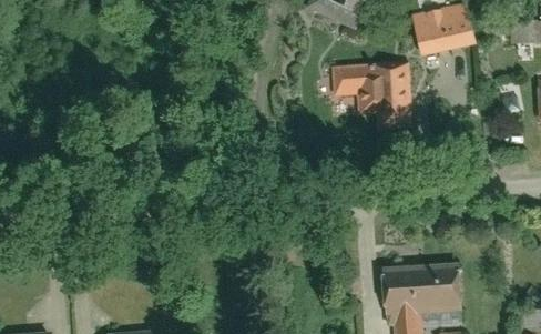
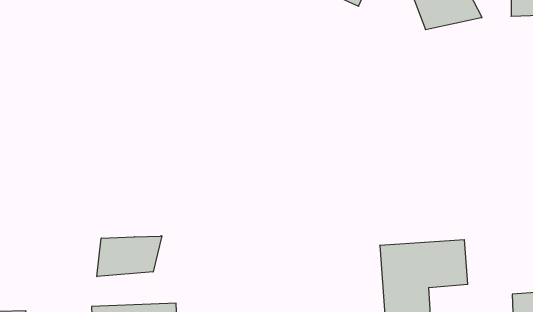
building: [341,62,398,125] -> none
building: none -> [97,236,162,277]

